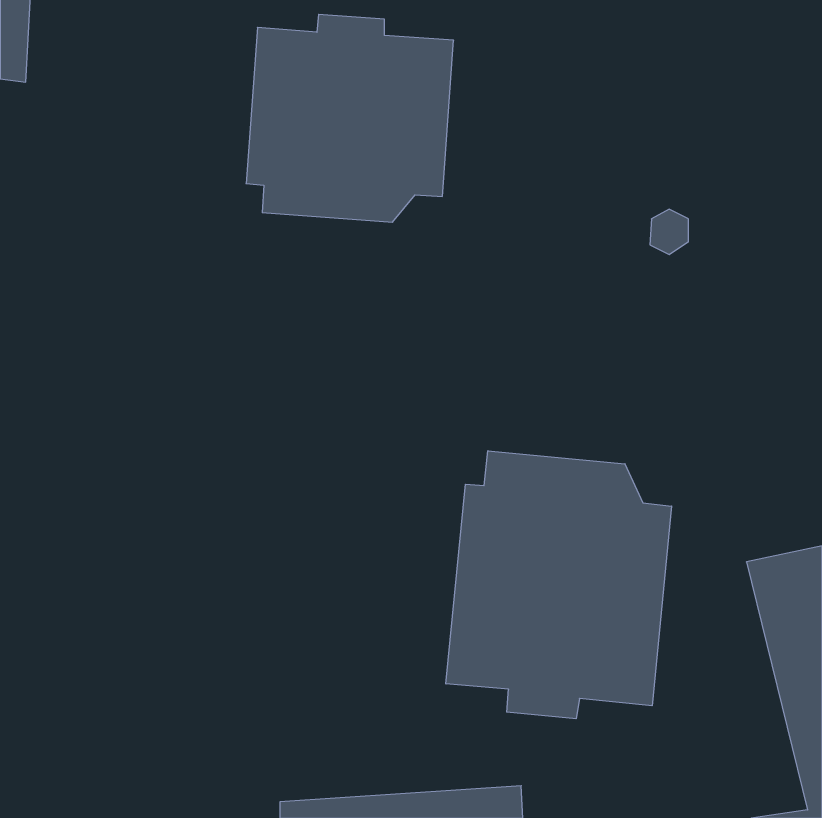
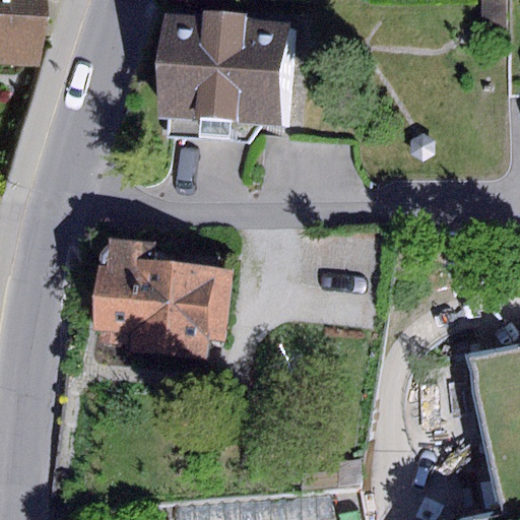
building: none -> [91,238,233,358]
building: [446,451,672,719] -> none

